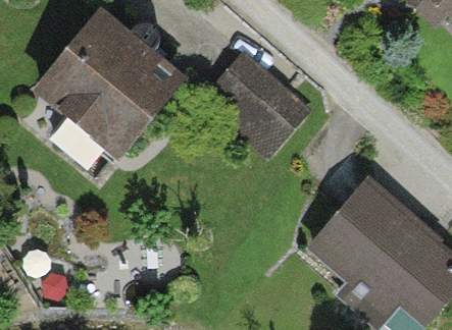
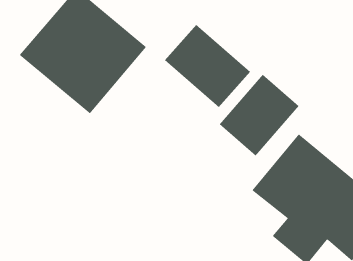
building: none -> [219,74,300,156]

